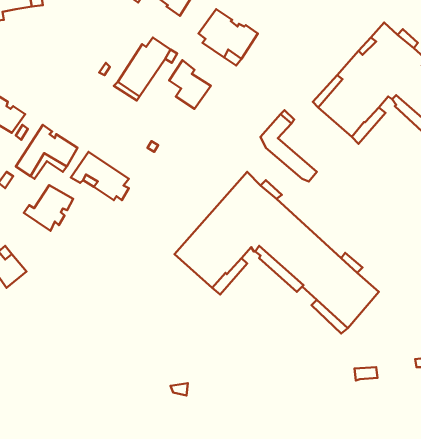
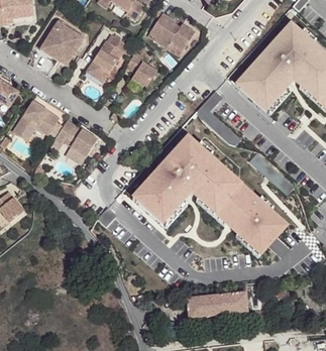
building: none -> [40,19,86,61]
building: [24,185,73,231] -> none
building: none -> [186,289,247,317]

